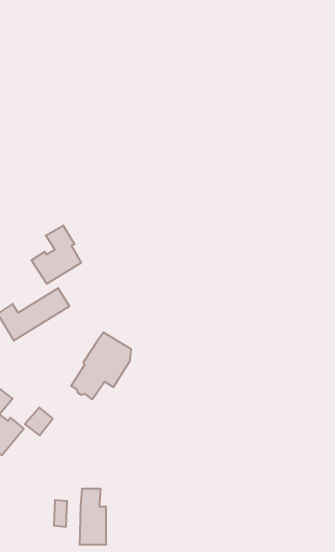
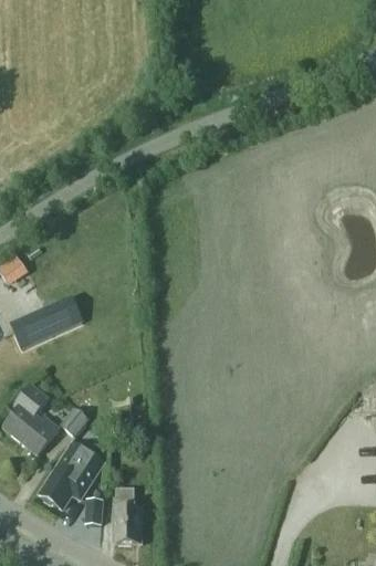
building: [31,225,81,284] -> none
building: [71,332,131,399] -> [39,442,98,509]

